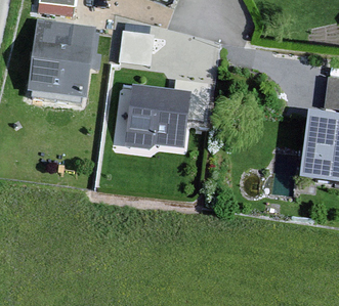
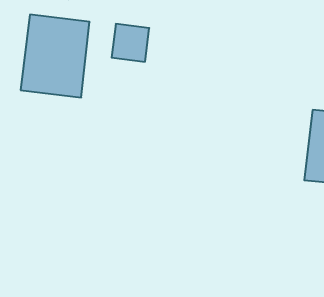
building: [120,84,198,151] -> none

